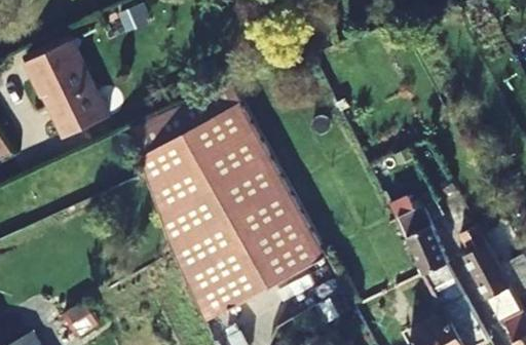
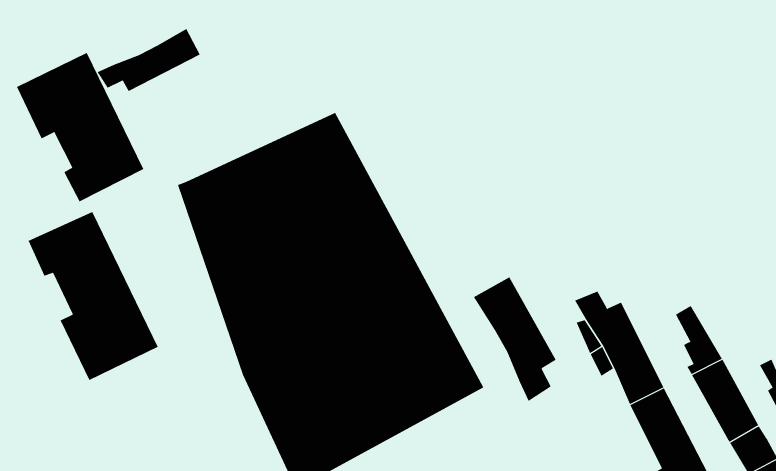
building: none -> [97,28,200,92]
building: none -> [28,211,159,381]
building: none -> [473,277,557,402]

